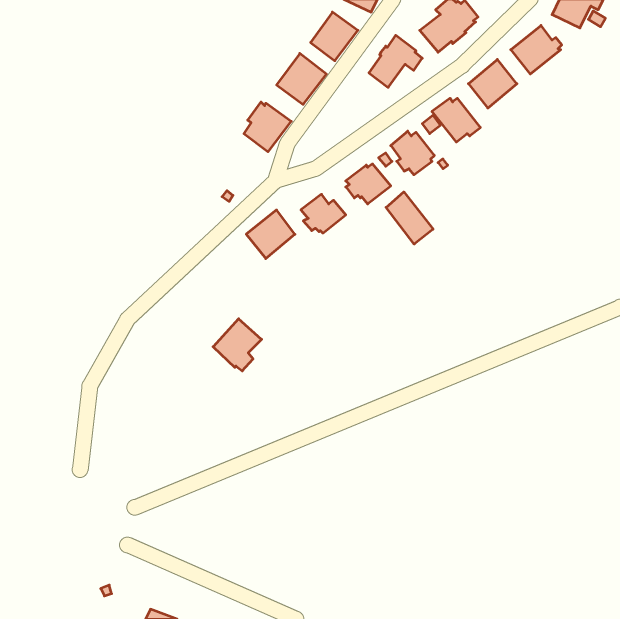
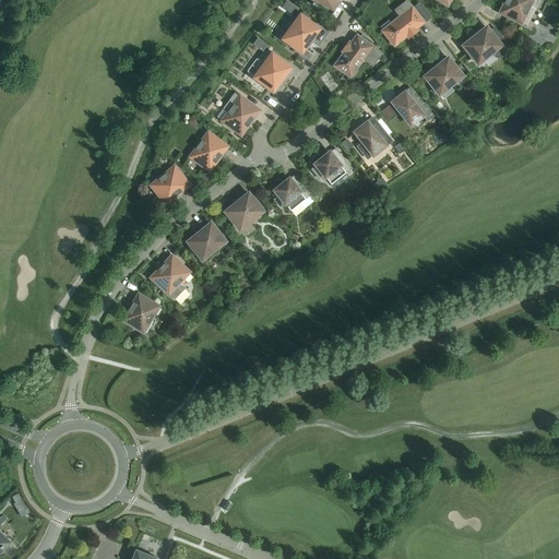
building: none -> [188,129,229,173]
building: none -> [148,163,192,205]
building: [386,192,433,244] -> none
building: none -> [185,219,228,263]
building: [213,319,262,371] -> [148,252,192,299]
building: none -> [120,290,162,334]

